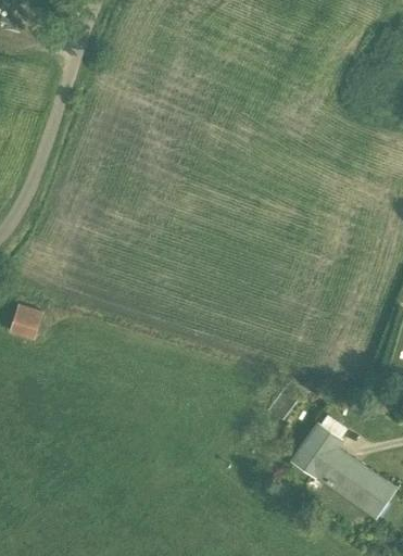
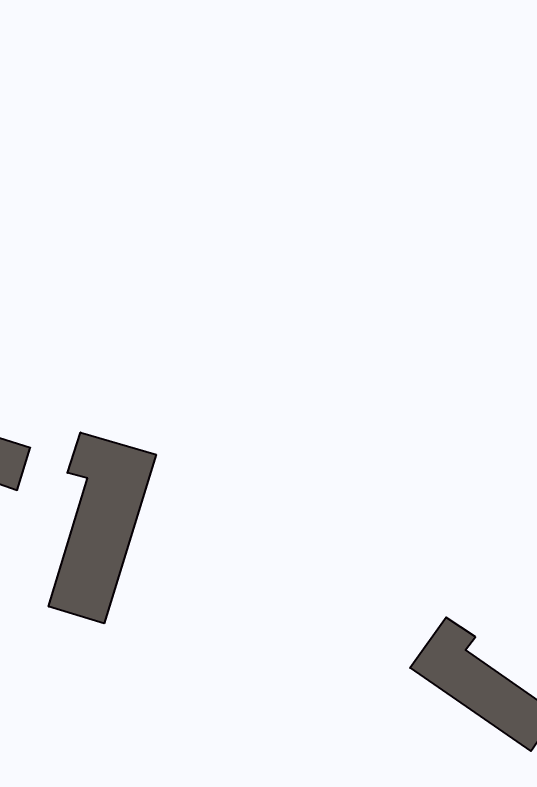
building: none -> [49,432,156,623]

